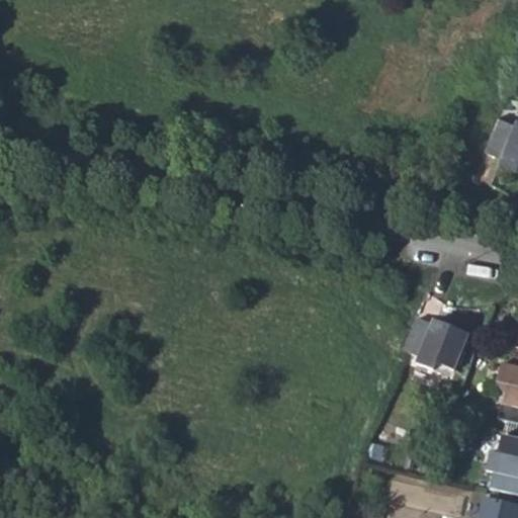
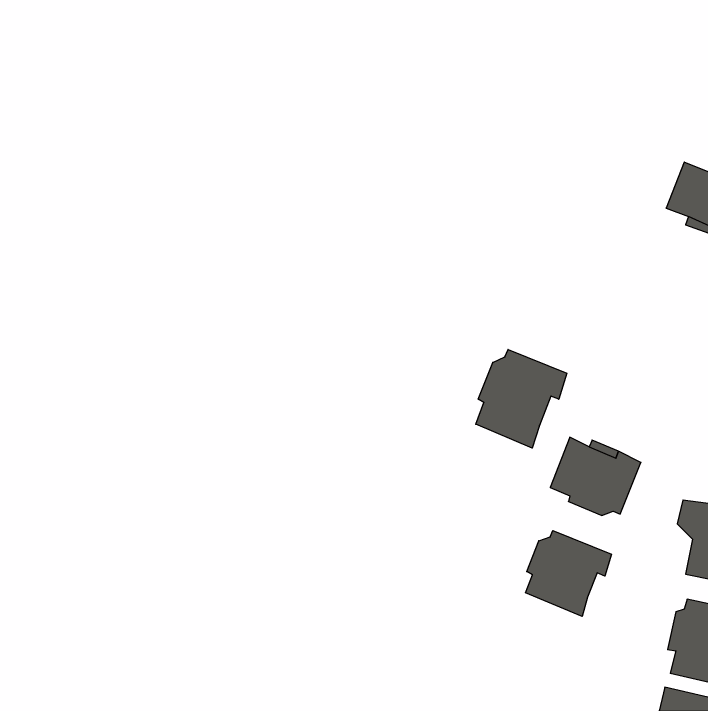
building: none -> [476,349,567,448]
building: none -> [526,531,611,616]

